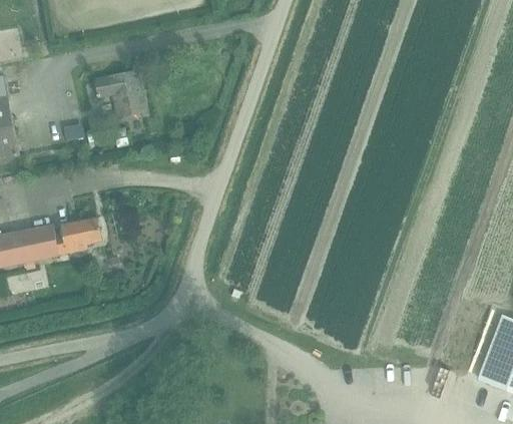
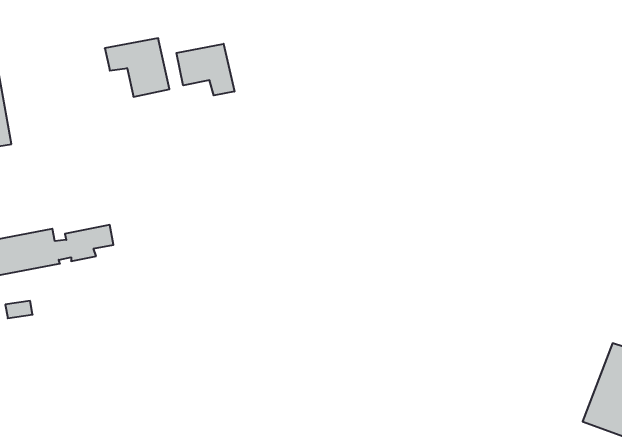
building: none -> [176,44,234,95]

